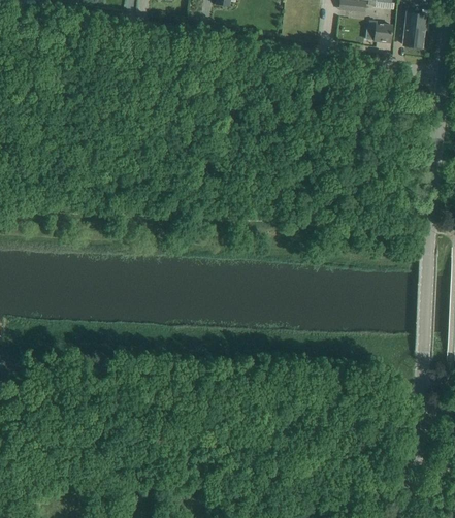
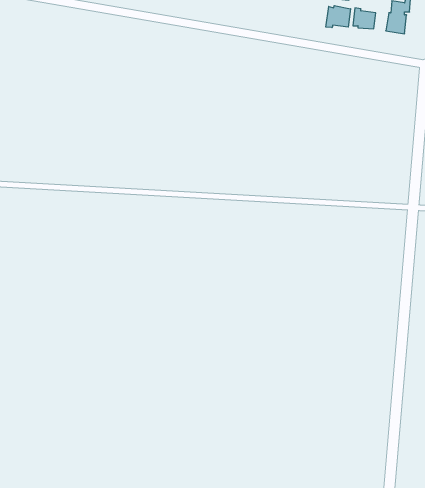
building: none -> [326,6,351,28]

